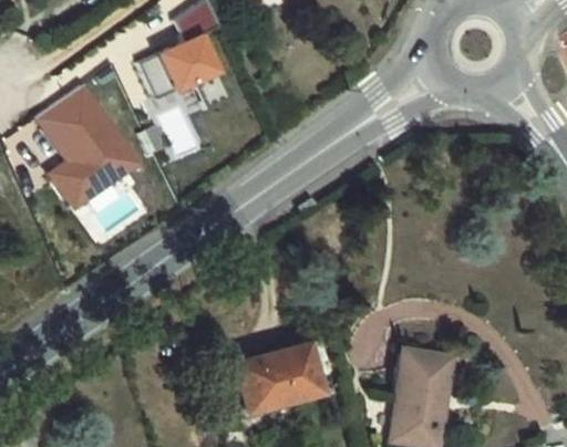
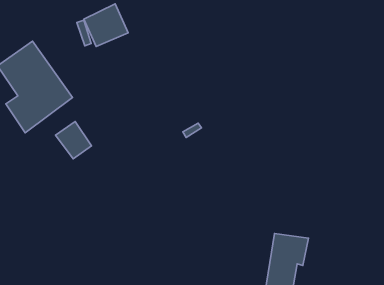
building: none -> [56,121,91,159]
building: [241,342,327,409] -> none

